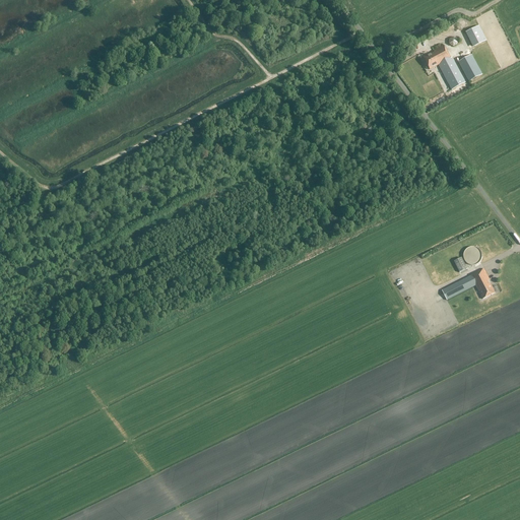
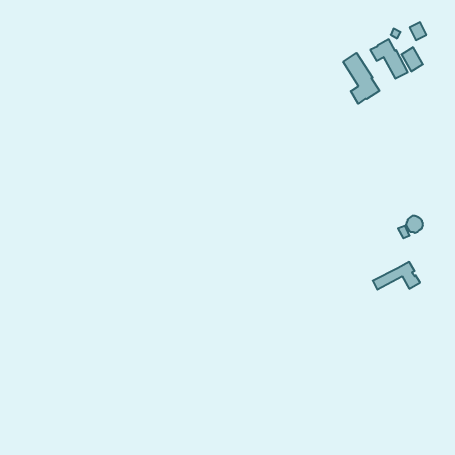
building: none -> [343,53,379,104]
building: [441,268,495,300] -> [373,262,420,290]

